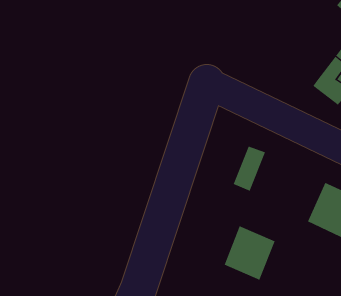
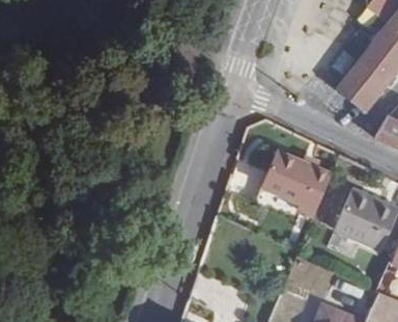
building: [224,226,275,280] -> [276,158,328,213]

